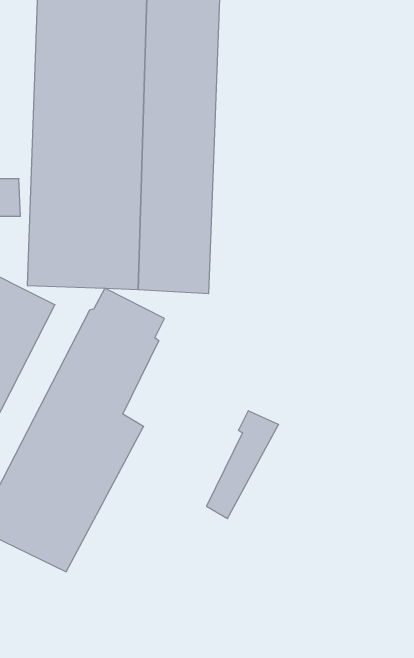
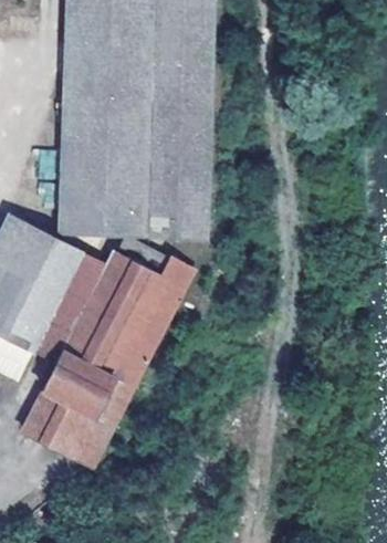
building: [207,411,279,519] -> [135,263,192,349]

